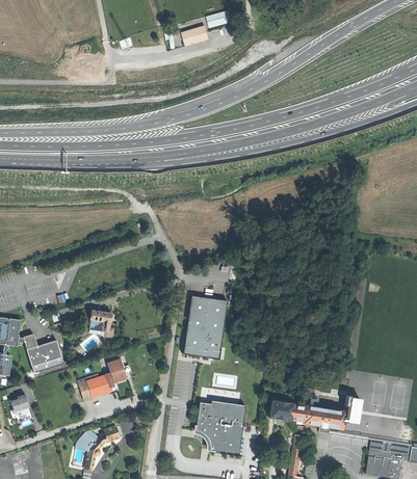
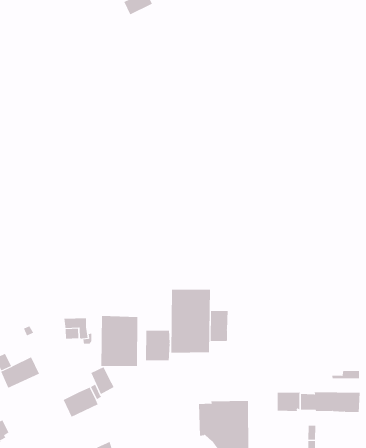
building: none -> [101,315,138,367]
building: none -> [210,310,228,342]
building: none -> [145,330,170,361]

